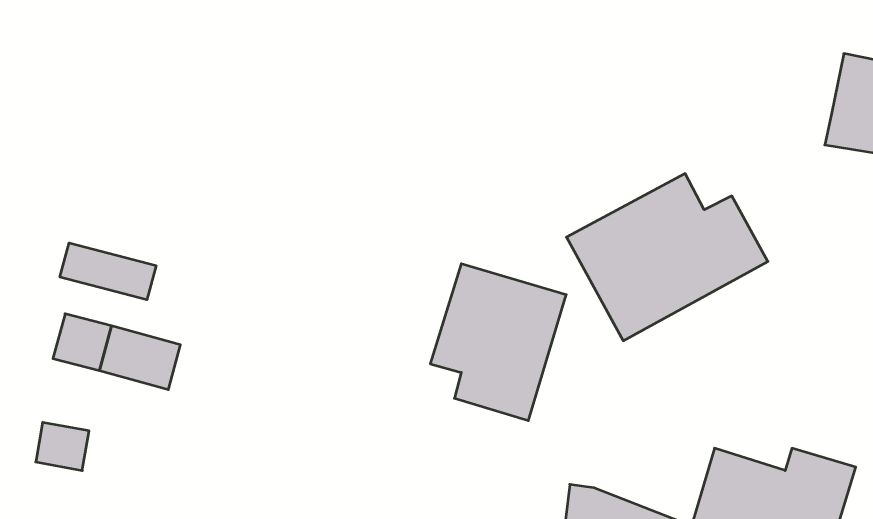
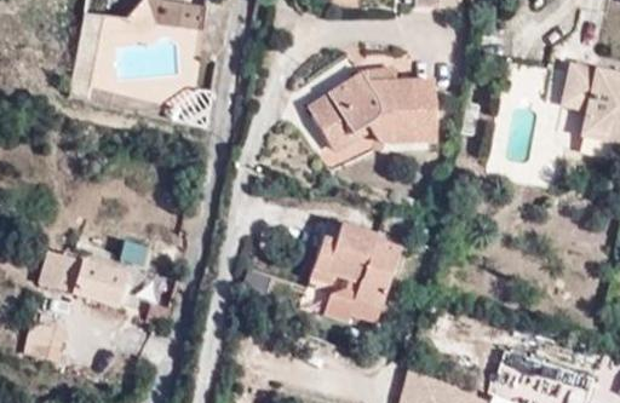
building: none -> [563,63,597,110]
building: [566,174,768,341] -> [302,58,443,175]
building: [60,243,156,300] -> none

